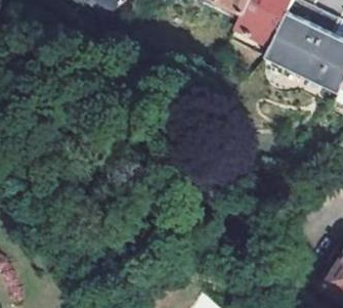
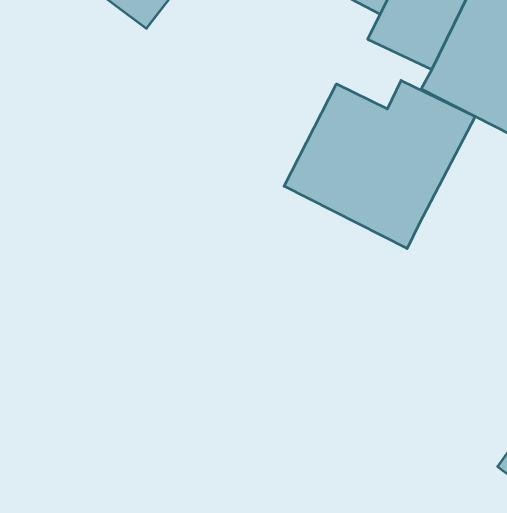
building: none -> [284,80,475,249]

